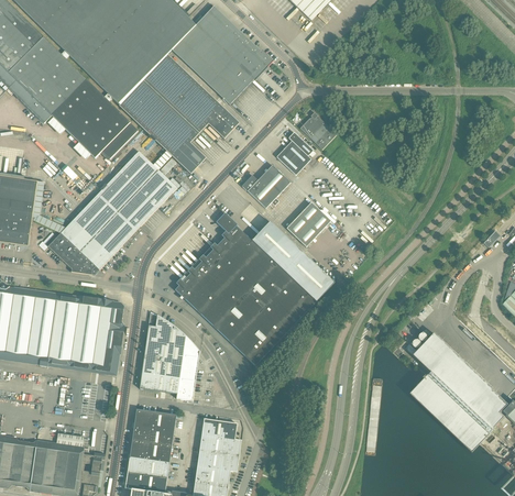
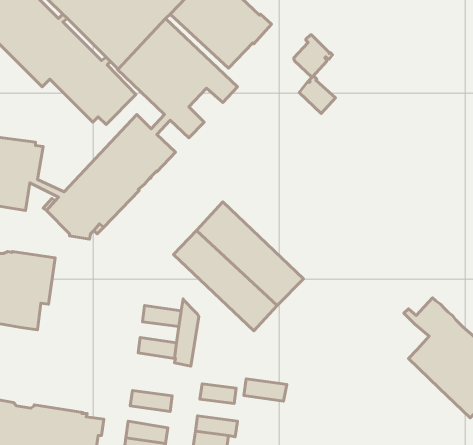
building: [276,132,315,174] -> [294,35,332,77]
building: [241,164,289,208] -> none
building: [285,201,330,246] -> none
building: [215,212,333,313] -> none
building: [39,293,123,371] -> none
building: [145,310,184,345] -> none
building: [141,356,179,377] -> none
building: [133,408,175,430] -> none
building: [198,433,241,455] -> [244,379,287,401]
building: [129,440,171,462] -> none

